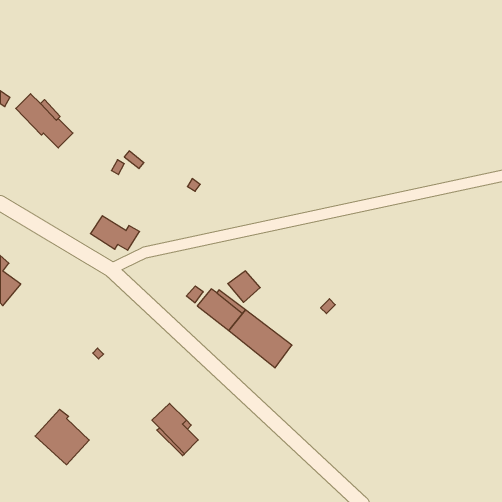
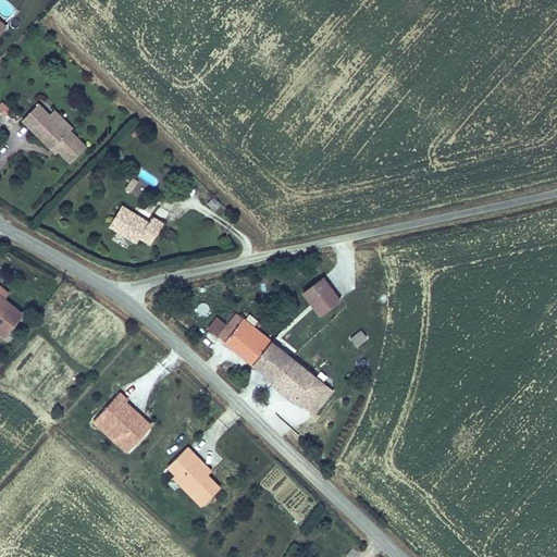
building: [90,216,140,250] -> [108,203,162,242]
building: [228,271,260,302] -> [300,277,336,312]
building: [35,409,89,465] -> [94,392,153,453]

